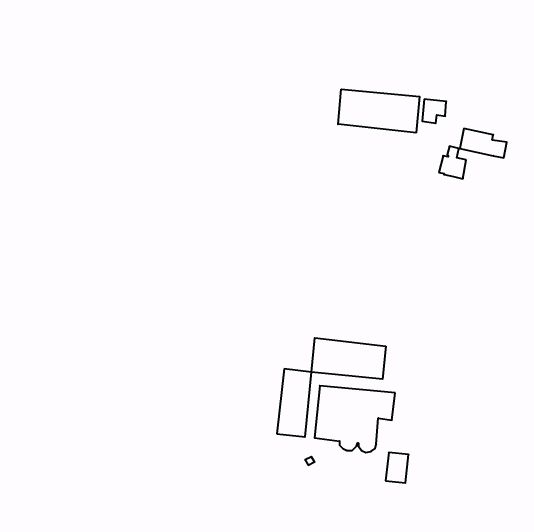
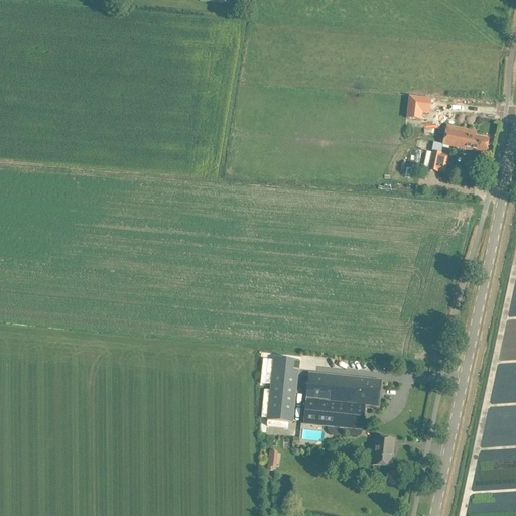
building: [338,89,420,133] -> none
building: [311,338,386,379] -> none

